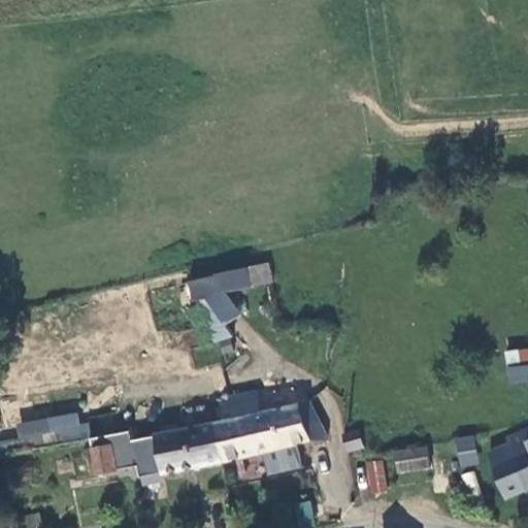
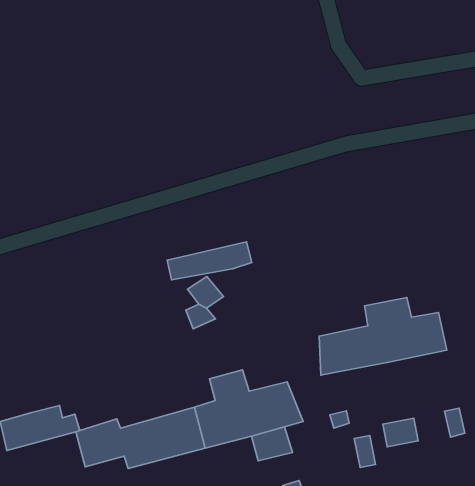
building: none -> [319,298,447,375]

